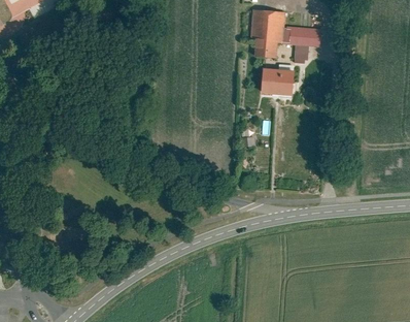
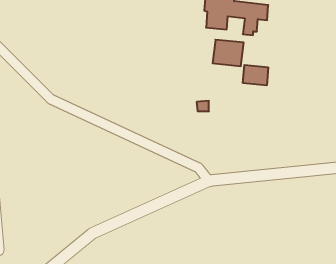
building: none -> [243,65,268,85]

